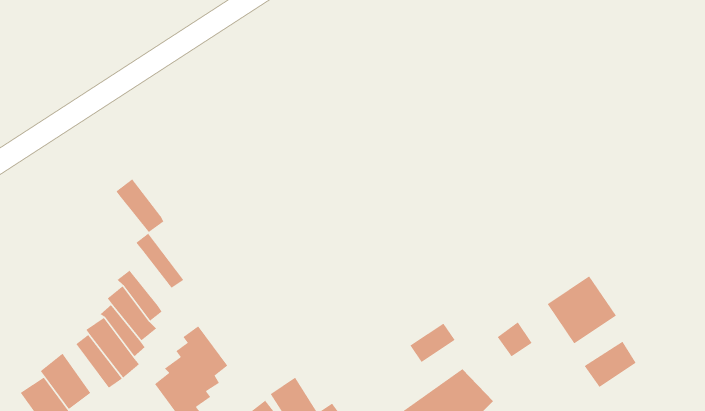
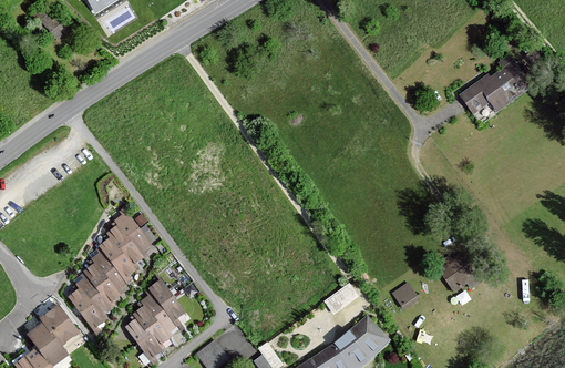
building: none -> [458,58,525,119]
building: [116,179,164,233] -> [106,223,144,265]
building: [584,341,637,388] -> none

